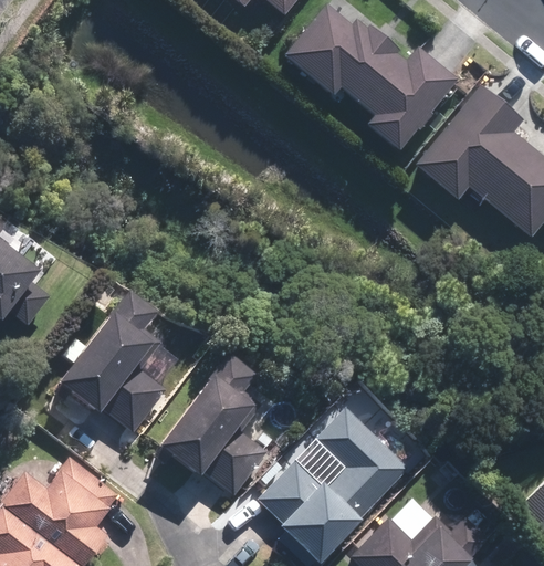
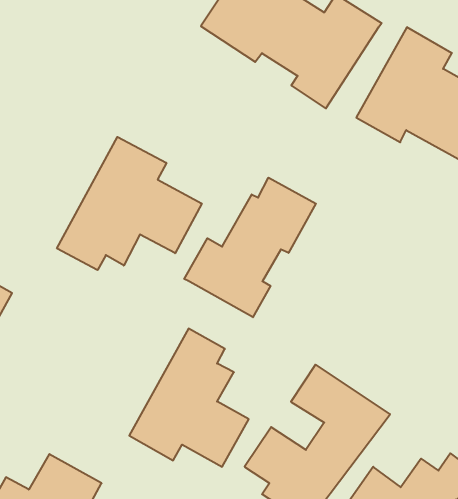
building: none -> [57,137,202,270]
building: none -> [184,178,316,317]
building: [55,294,167,432] -> none

